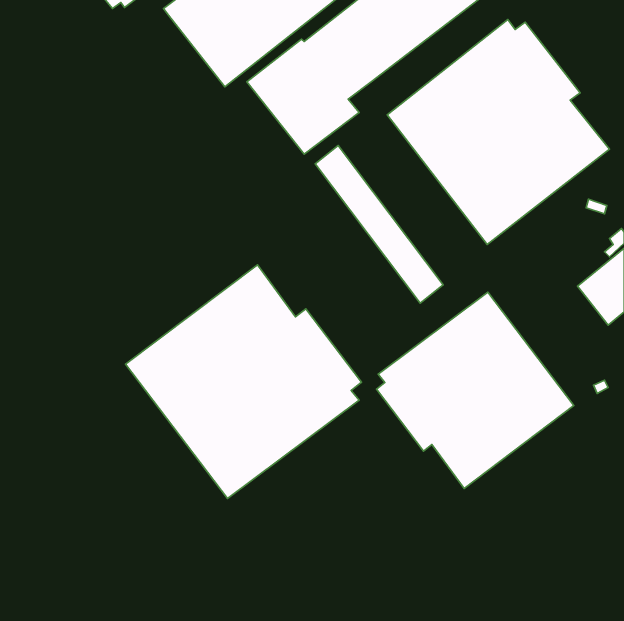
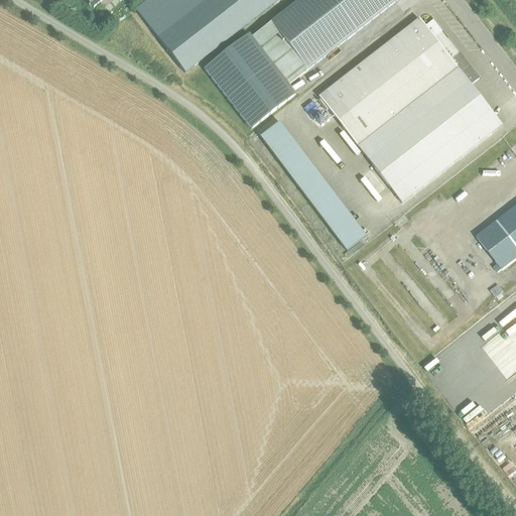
building: [126,265,362,499] -> none
building: [376,292,574,488] -> none

